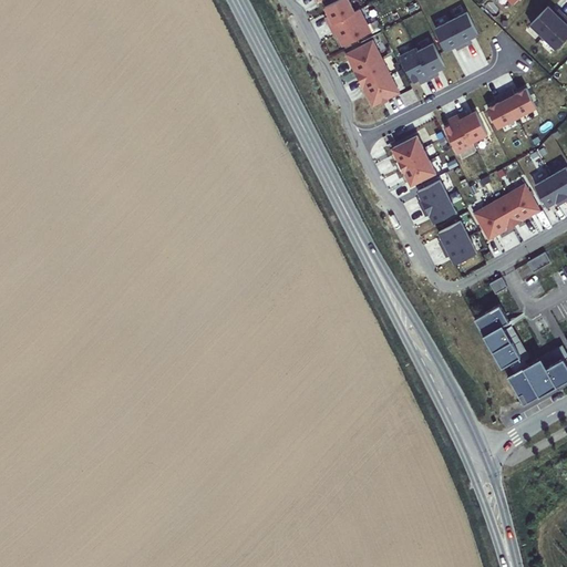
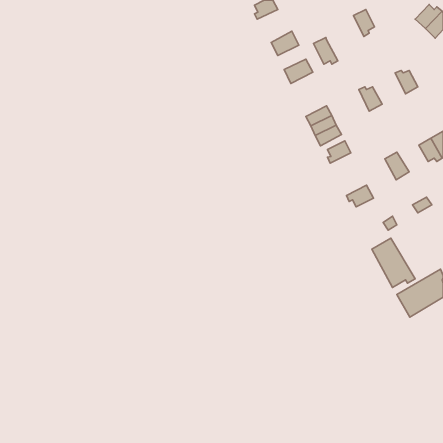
building: [328,10,371,48] -> none
building: [434,21,464,51] -> none
building: [416,44,444,79] -> none
building: [354,59,390,90] -> none
building: [489,94,517,128] -> none
building: [444,115,473,154] -> none
building: [506,185,538,220] -> none
building: [421,196,455,224] -> none
building: [473,204,505,240] -> none
building: [437,221,467,250] -> none

